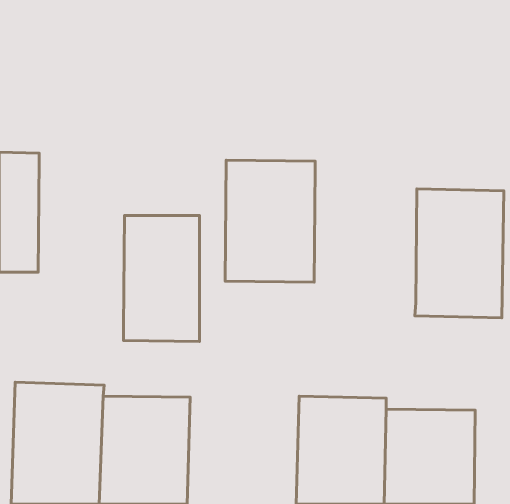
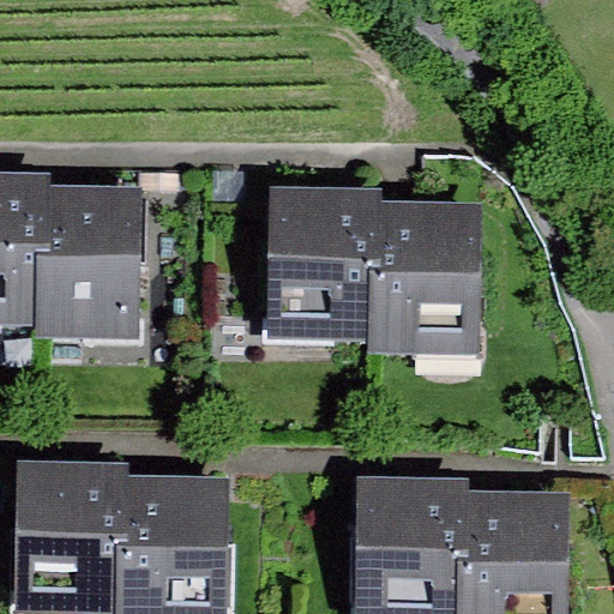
building: [415,189,504,318] -> [375,201,482,356]
building: [123,215,199,341] -> [46,192,137,343]

